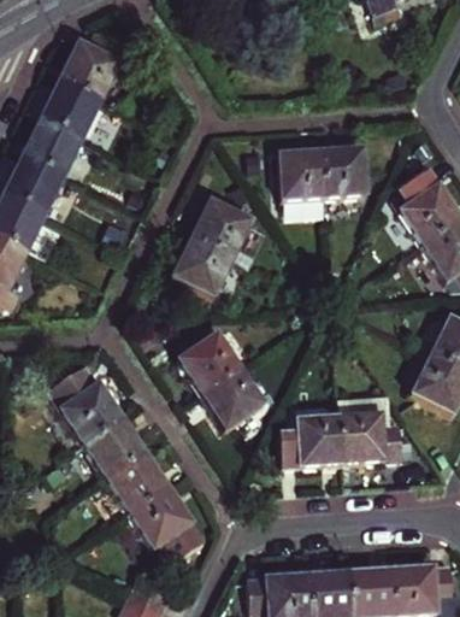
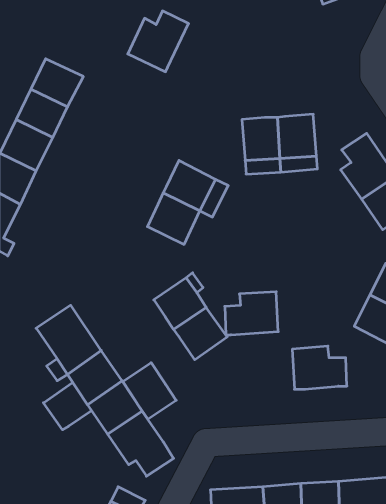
building: [57,33,126,102] -> [128,11,189,72]
building: [281,416,342,465] -> [225,292,278,335]
building: none -> [123,363,176,419]
building: none -> [43,382,91,430]

